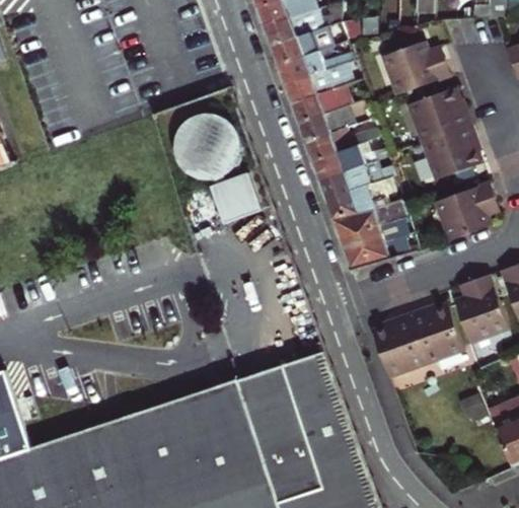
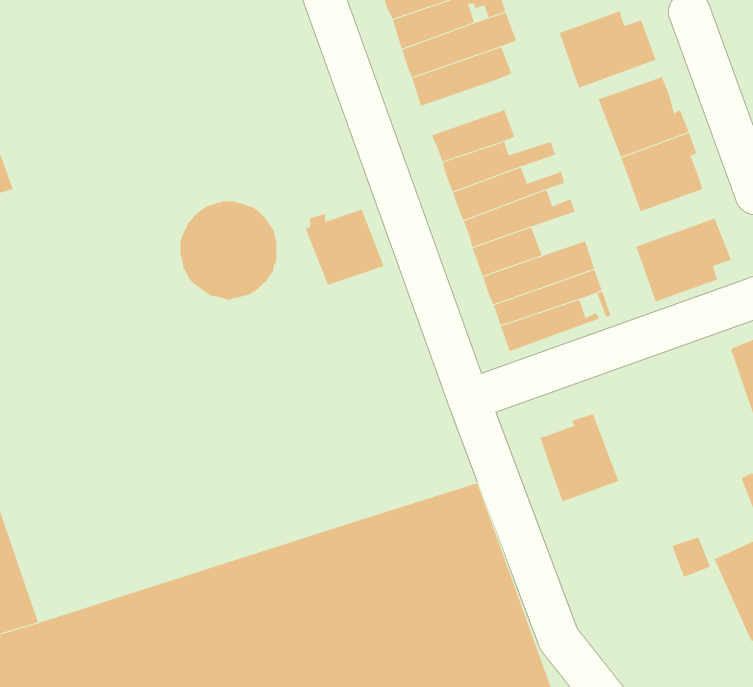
building: [290,85,351,124] -> none
building: [177,114,243,180] -> [180,201,277,300]
building: [453,272,506,341] -> none
building: [406,301,461,357] -> none

